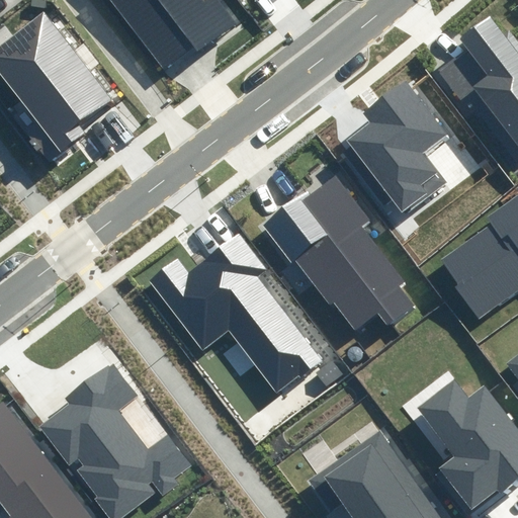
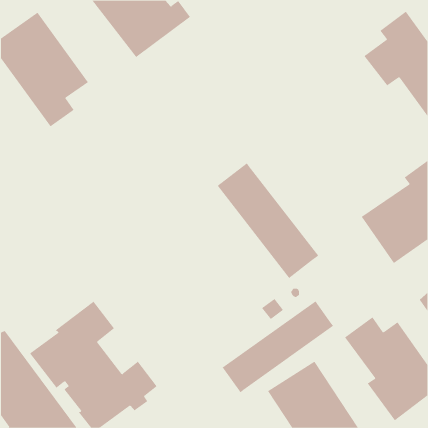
building: [345,81,450,217] -> none
building: [301,175,418,333] -> none
building: [153,235,322,396] -> none
building: none -> [222,300,334,393]

